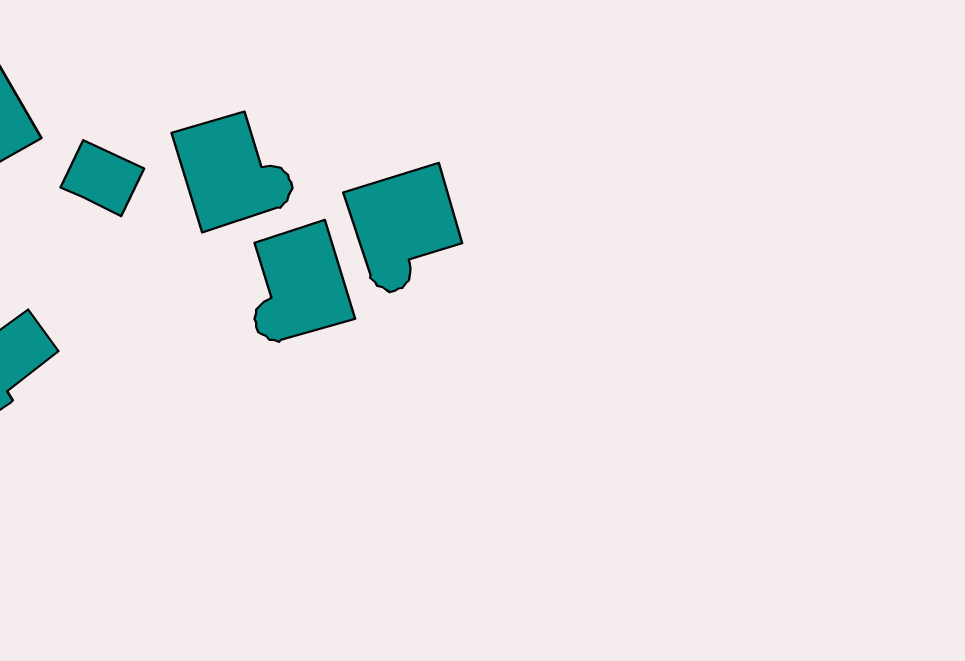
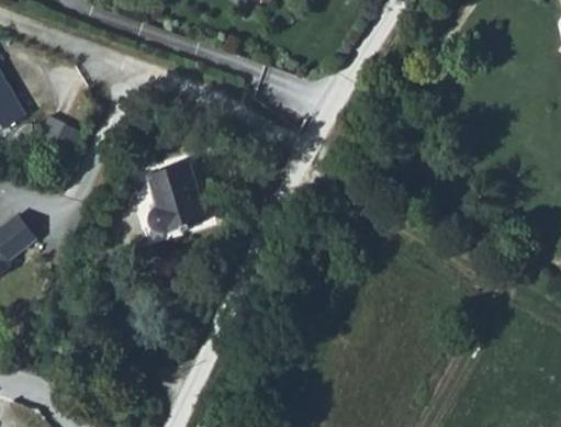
building: [171,111,293,233] -> none
building: [343,163,462,292] -> none

